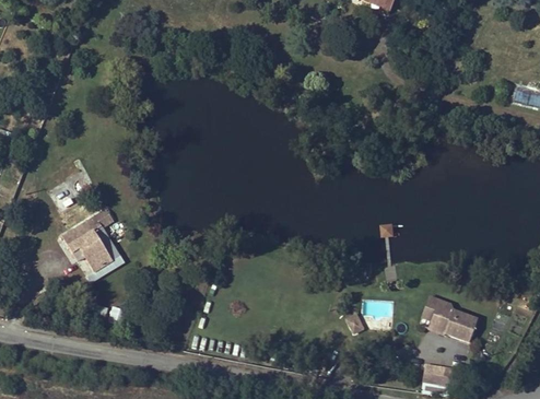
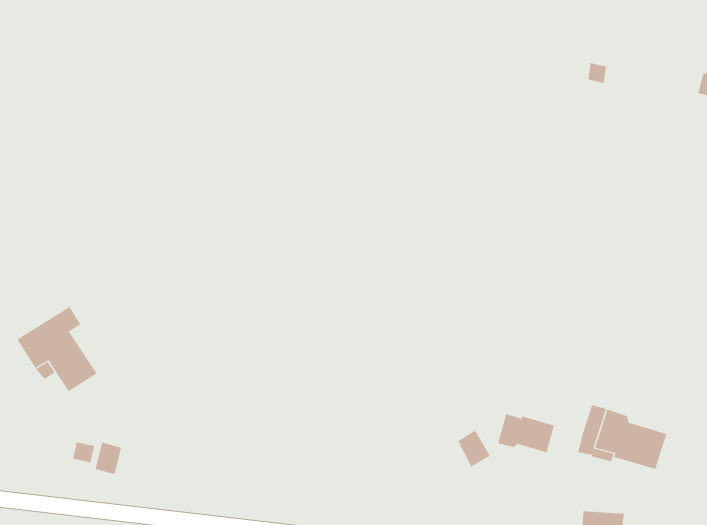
building: none -> [498,413,555,453]

